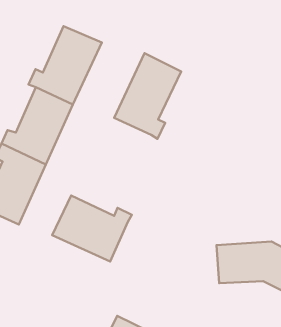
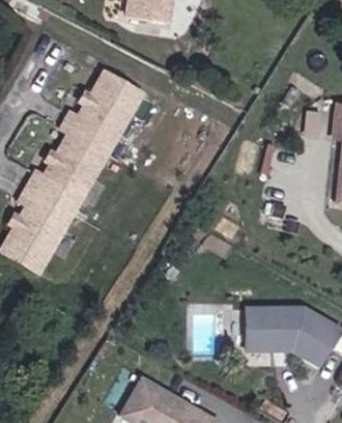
building: [114,53,181,139] -> none
building: [52,196,132,261] -> none

